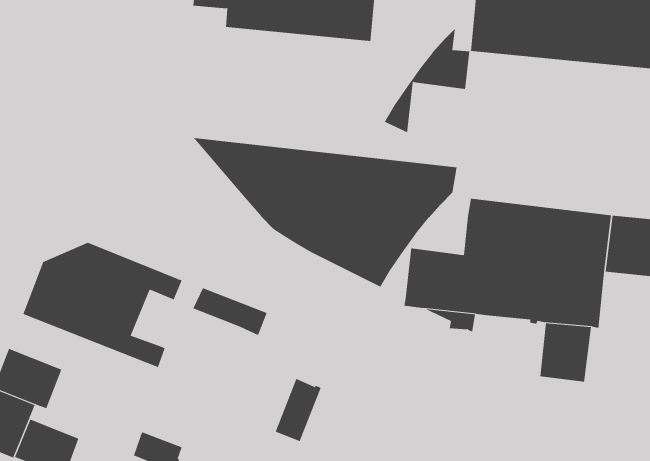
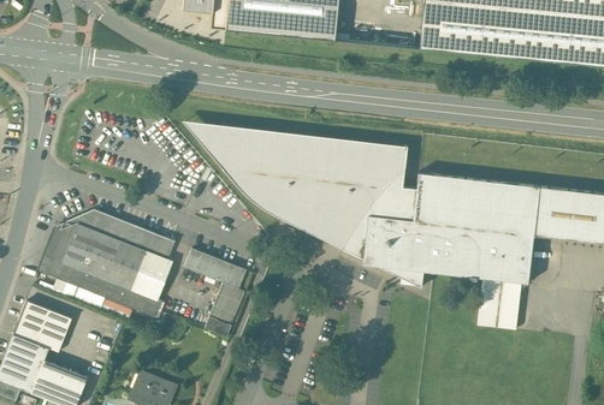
building: [384,27,470,133] -> [343,167,416,257]
building: none -> [131,250,172,298]
building: [275,378,321,442] -> [205,281,244,335]

